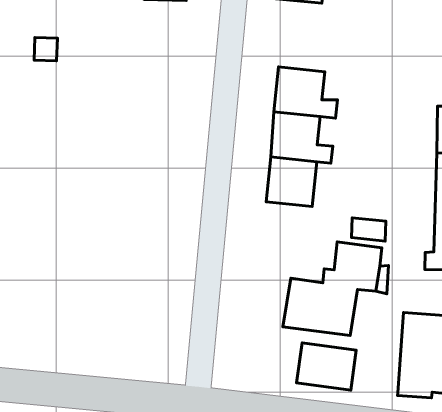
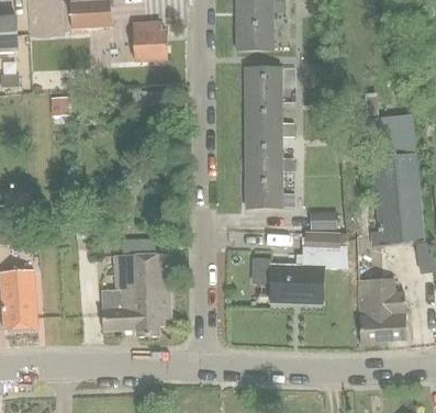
building: none -> [243,65,291,100]
building: none -> [100,252,168,335]
building: [297,343,356,390] -> none

